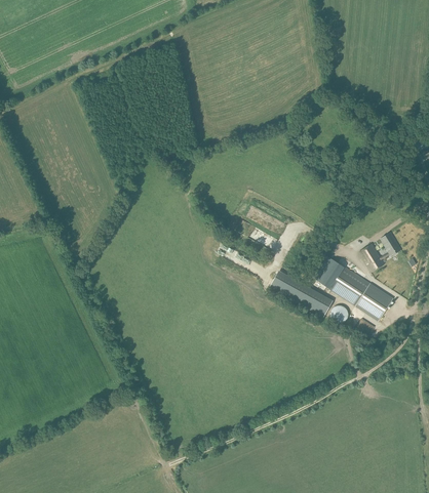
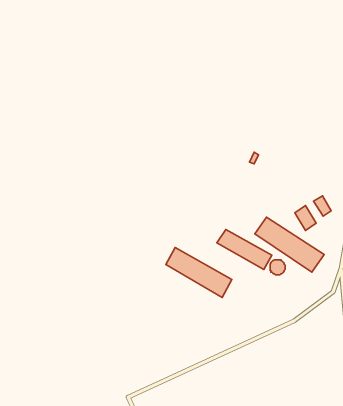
building: none -> [166,247,232,298]

